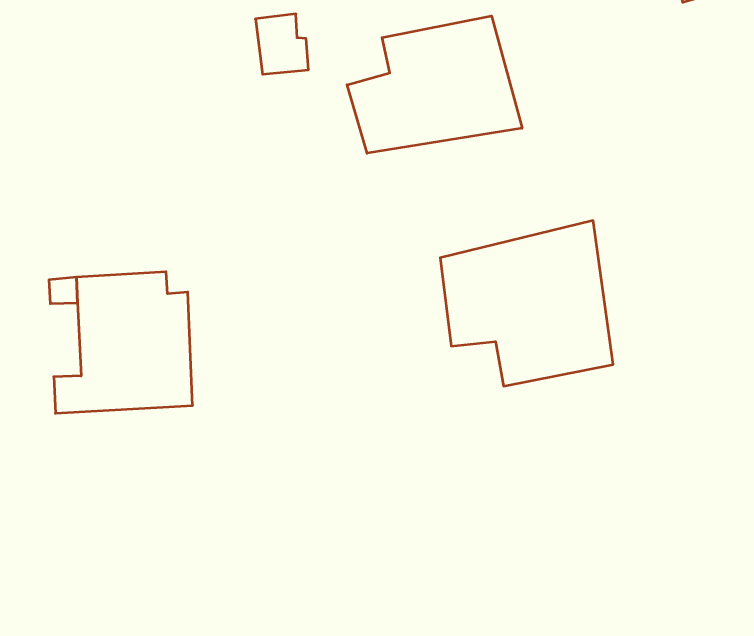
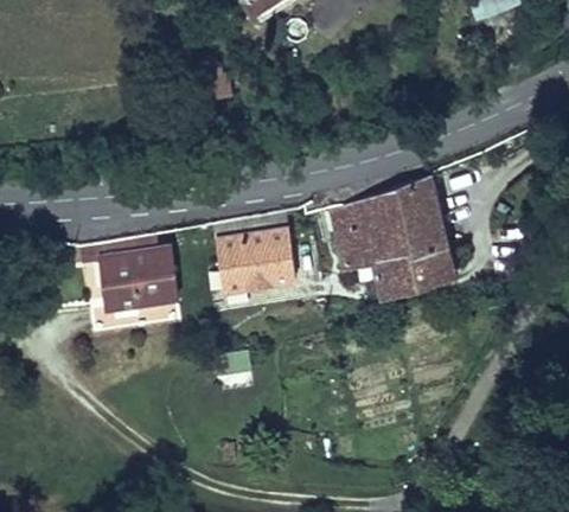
building: [347,16,522,153] -> none
building: none -> [215,224,295,290]

